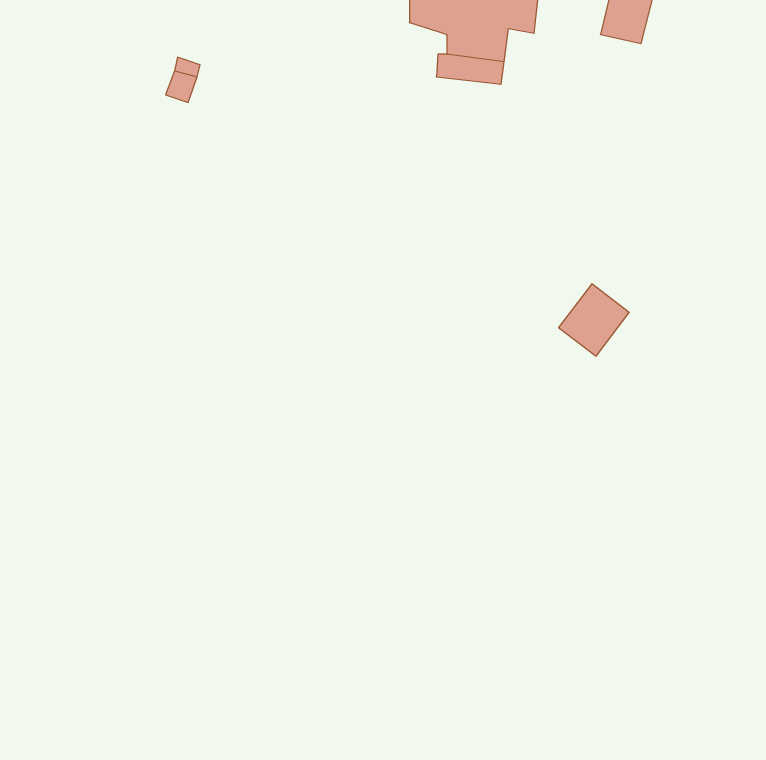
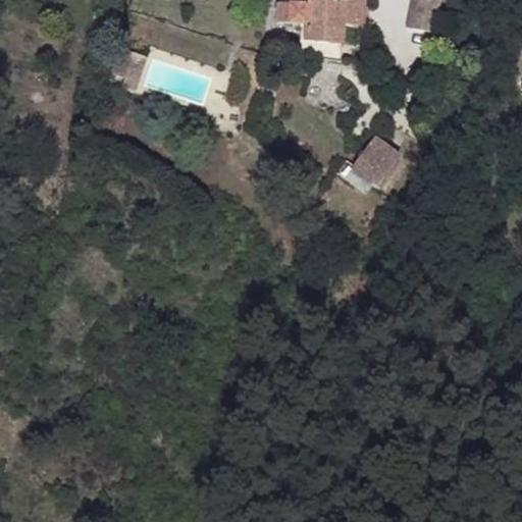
building: [559,284,629,356] -> [352,136,400,185]

